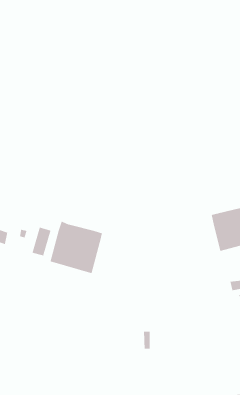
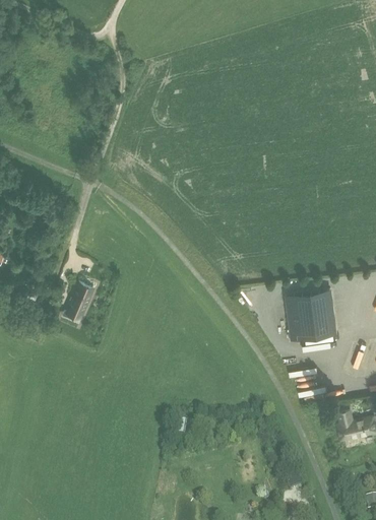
building: [50,221,103,274] -> none

